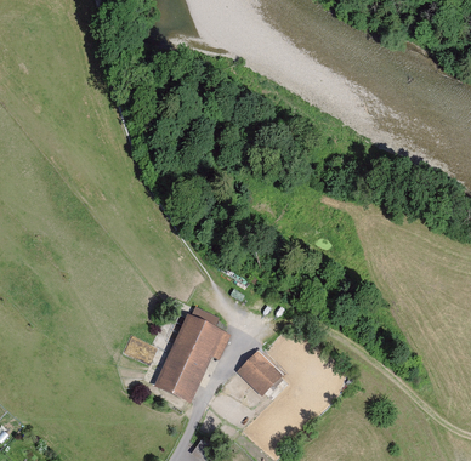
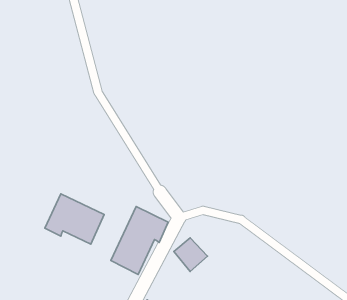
building: none -> [45,194,104,244]

